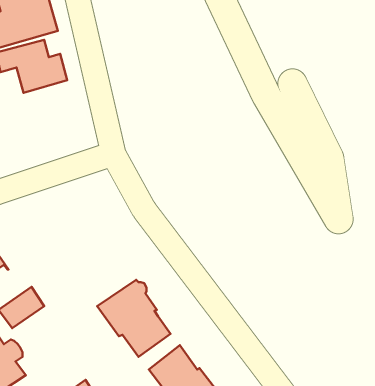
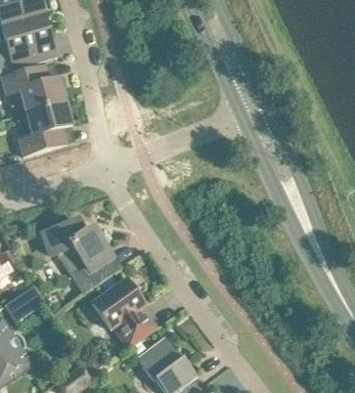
building: none -> [18,100,72,156]
building: none -> [42,221,114,293]

